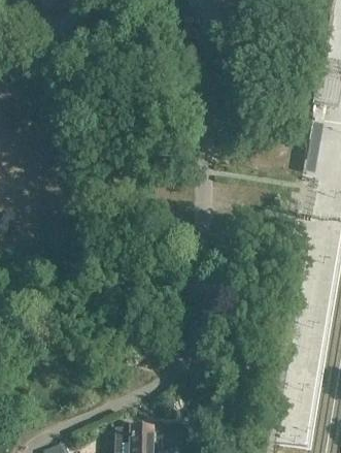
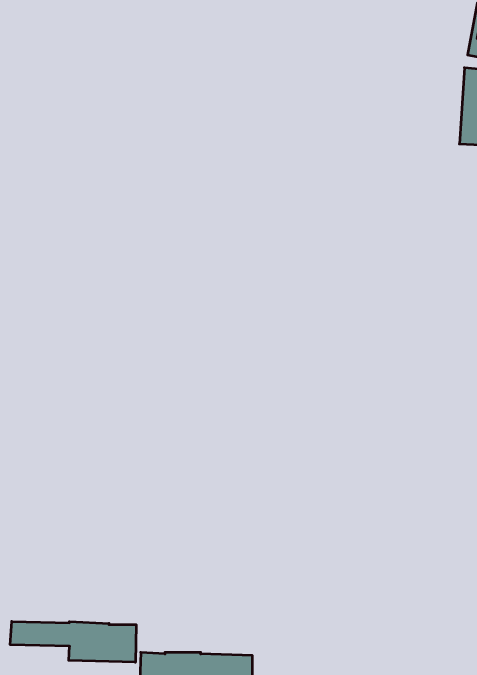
building: none -> [10,621,136,662]

